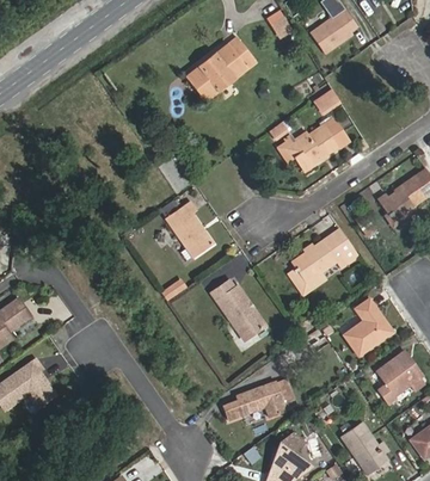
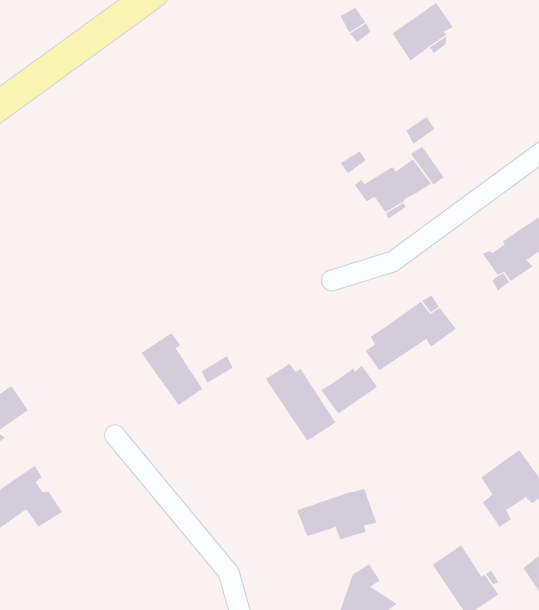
building: [185,38,256,103] -> none
building: [164,203,211,259] -> [141,333,203,406]
building: none -> [321,365,378,415]
building: [343,297,395,358] -> none

